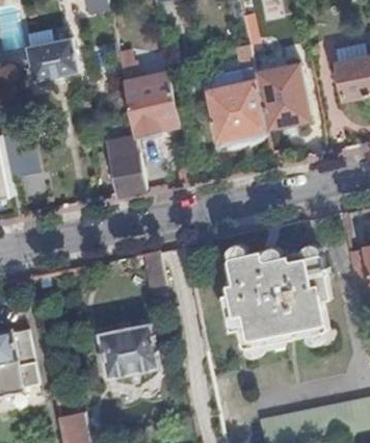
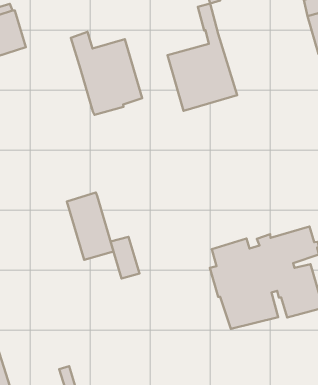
building: [253,64,311,131] -> none
building: [106,135,144,196] -> [67,192,113,260]
building: [99,324,158,377] -> none

